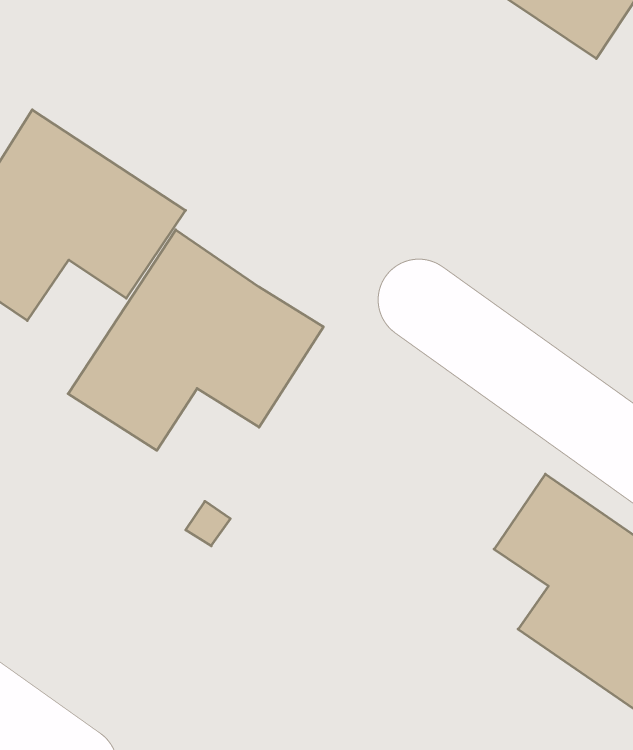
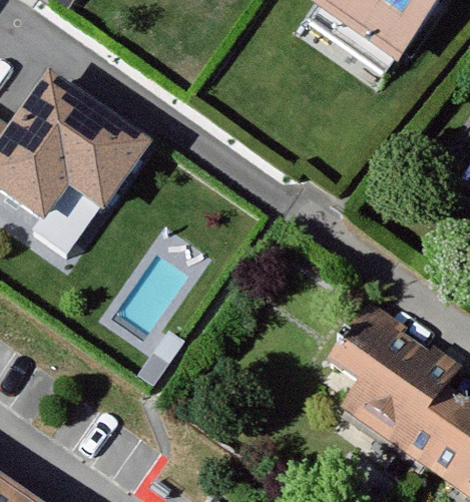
building: [68,230,323,450] -> none

